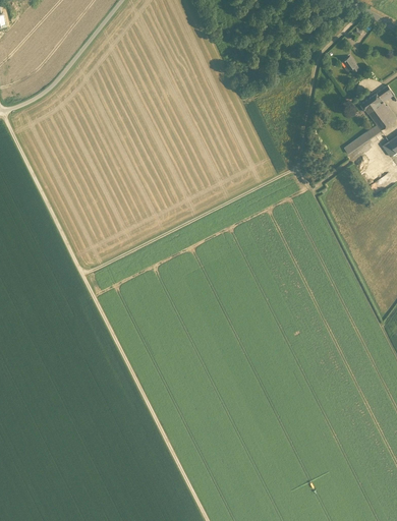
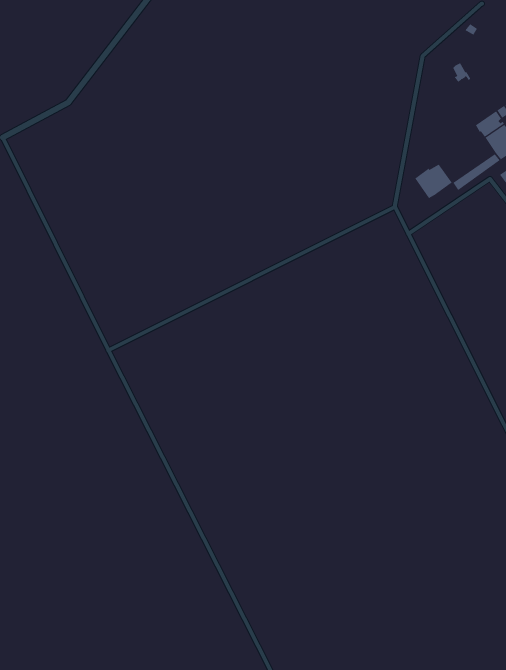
building: none -> [414,164,452,199]

